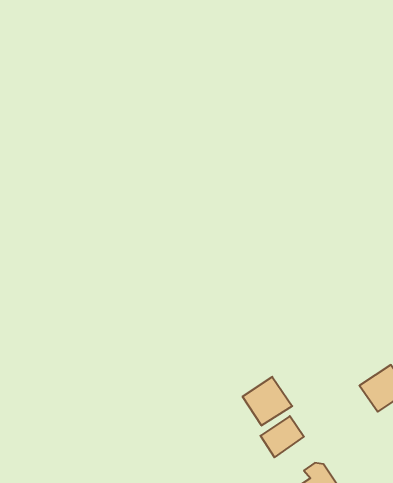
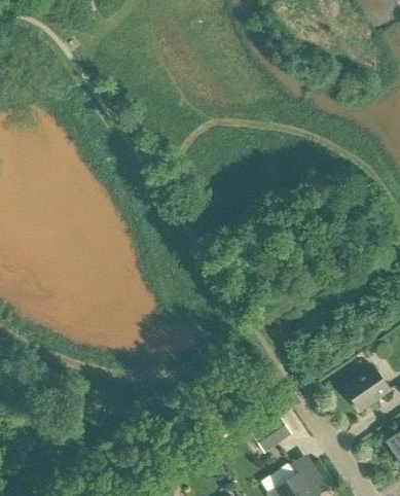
building: [243,377,292,426] -> none

